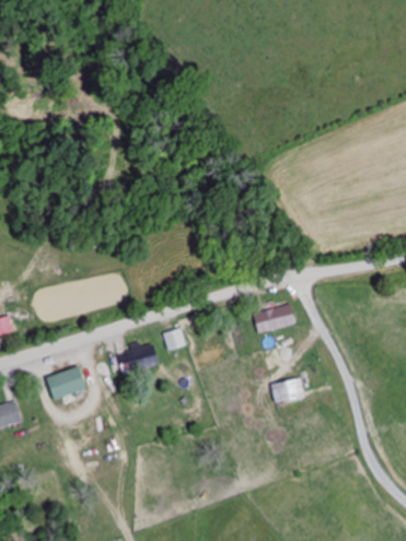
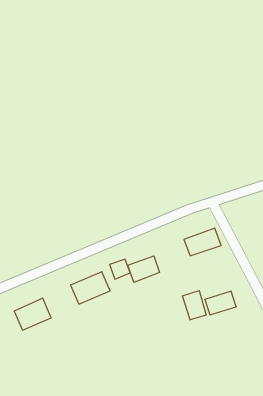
building: none -> [128,256,159,282]
building: none -> [183,291,206,320]

